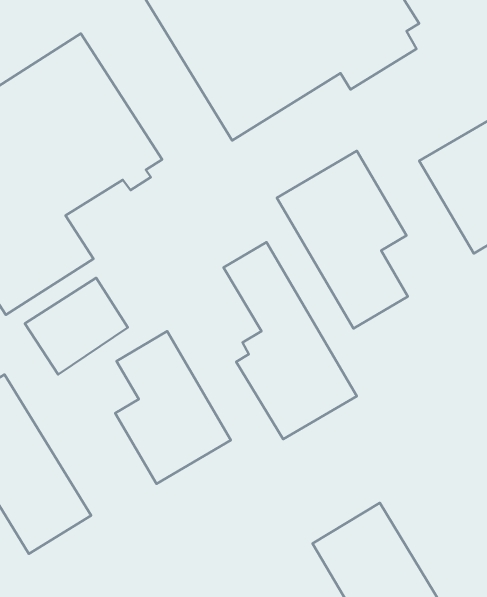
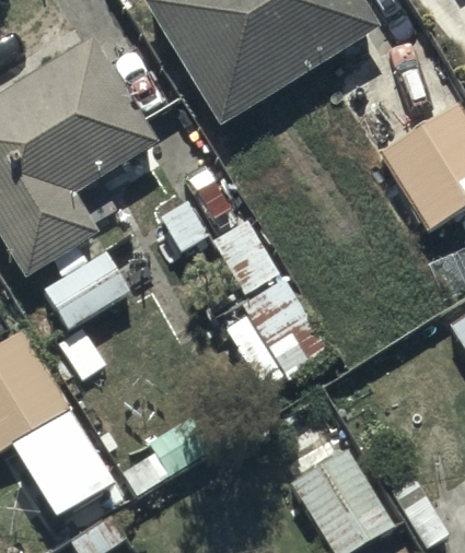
building: [277,151,408,329] -> none
building: [115,331,231,484] -> none

